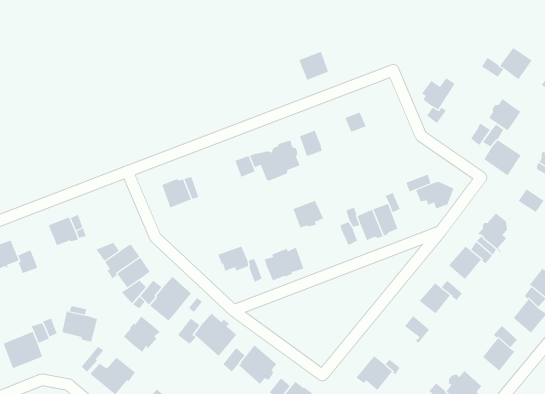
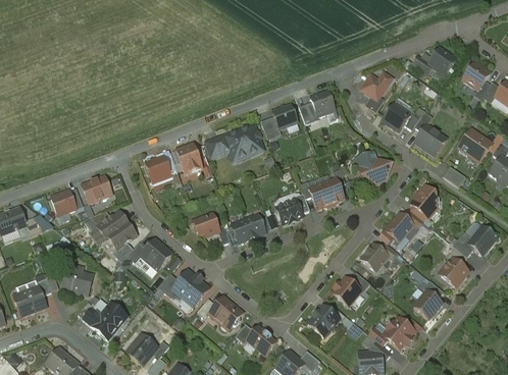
building: [298,51,329,80] -> [272,105,298,129]
building: [488,98,521,131] -> [383,104,410,131]
building: none -> [311,92,336,117]
building: none -> [175,143,203,174]
building: [292,200,324,228] -> [276,201,303,224]
building: none -> [82,176,112,204]
building: [123,315,160,353] -> none
building: none -> [334,278,361,306]

